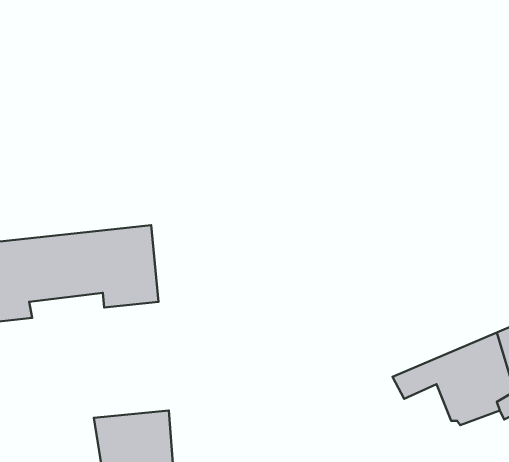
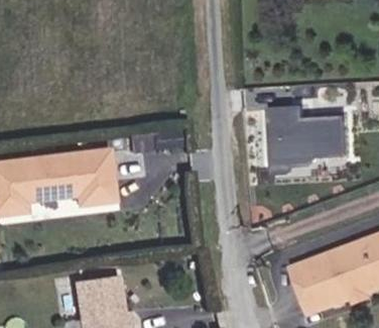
building: none -> [273,109,349,175]
building: none -> [287,264,320,305]

